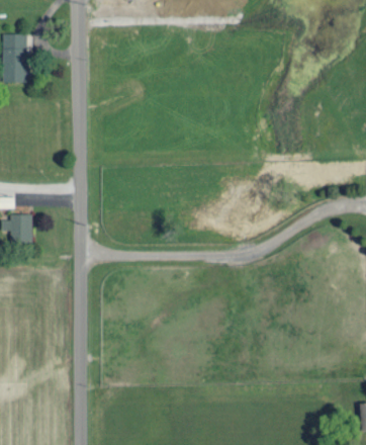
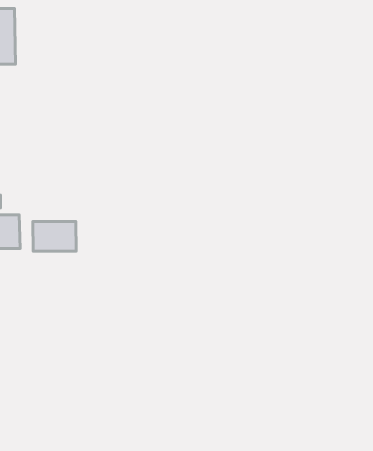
building: none -> [33,222,76,251]

